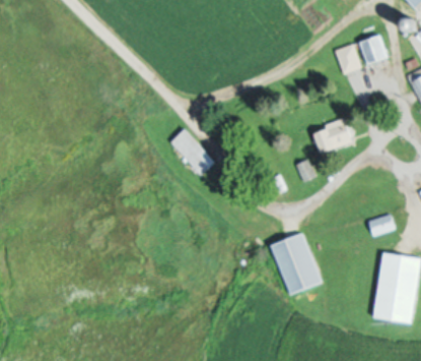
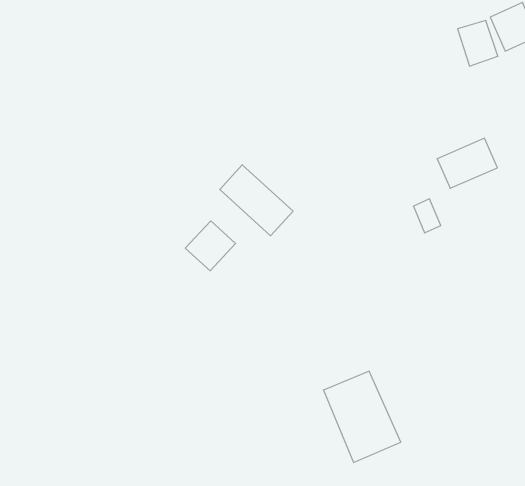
building: none -> [185,221,236,271]
building: [273,233,322,293] -> [323,371,401,463]

